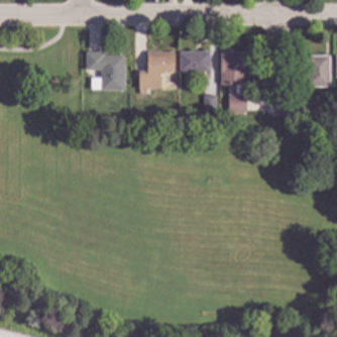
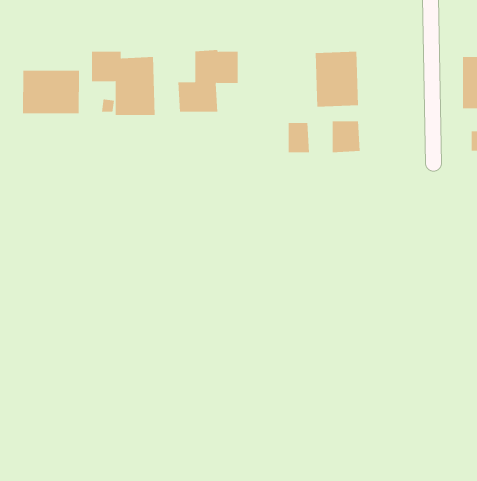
building: [181,51,211,72] -> none
building: none -> [23,70,80,114]

